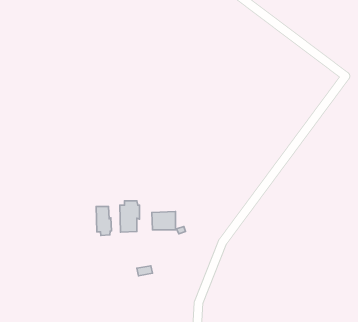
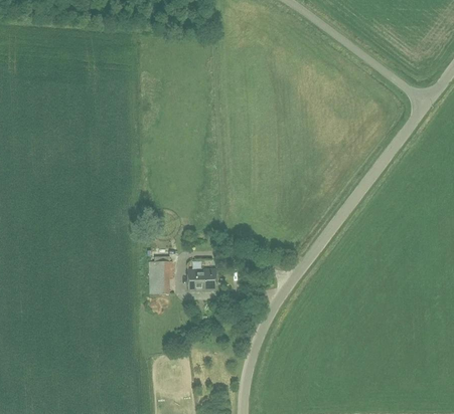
building: [96,207,112,236] -> none

